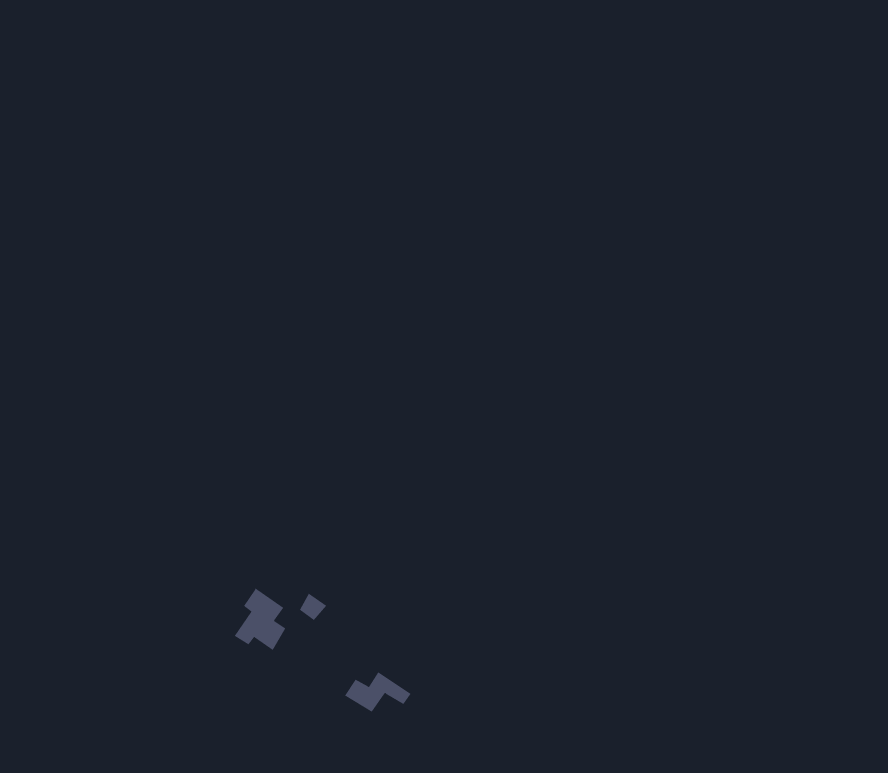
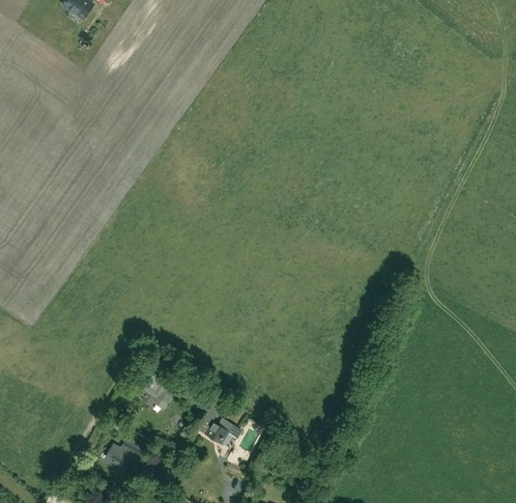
building: none -> [106,432,143,469]

